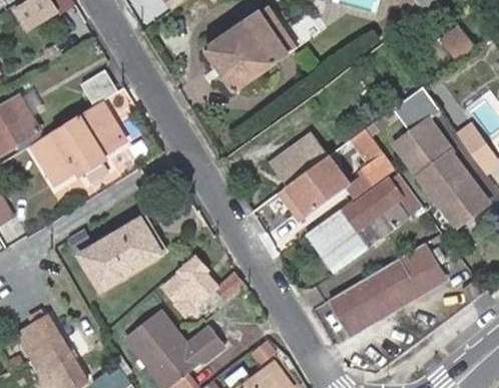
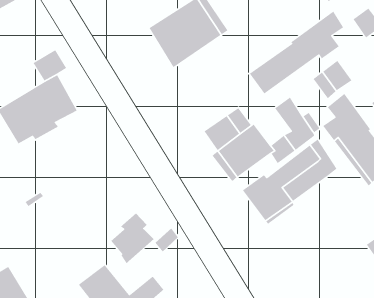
building: none -> [249,11,344,95]
building: [78,220,160,292] -> none
building: [325,247,438,334] -> none

